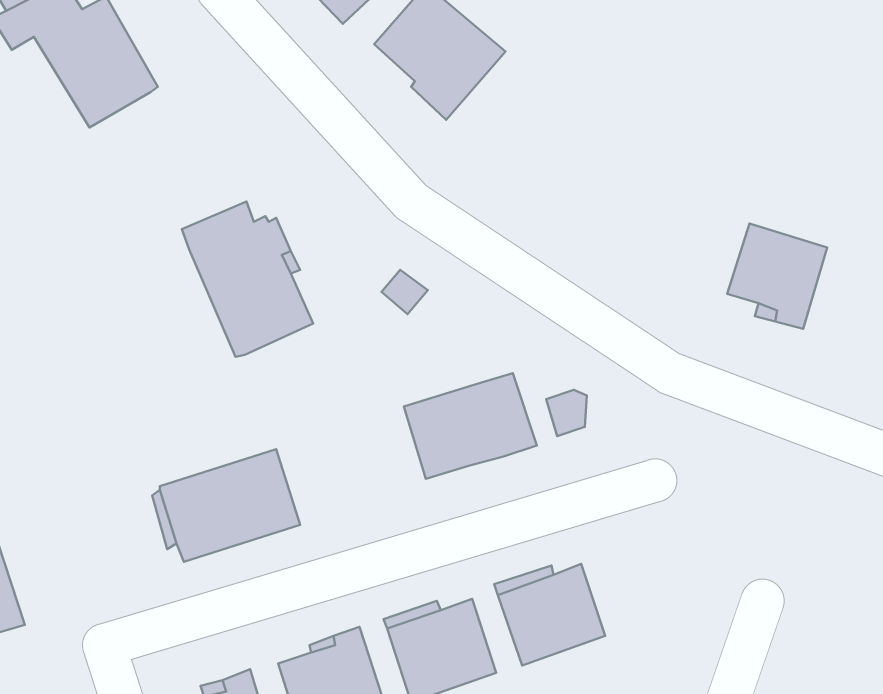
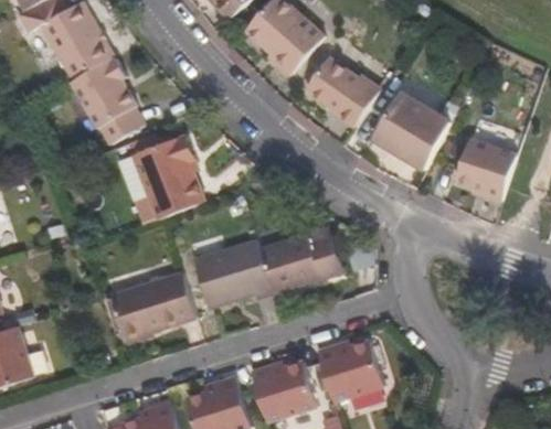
building: none -> [307,57,379,127]
building: none -> [71,61,137,131]
building: none -> [371,92,448,169]
building: none -> [195,239,275,305]

